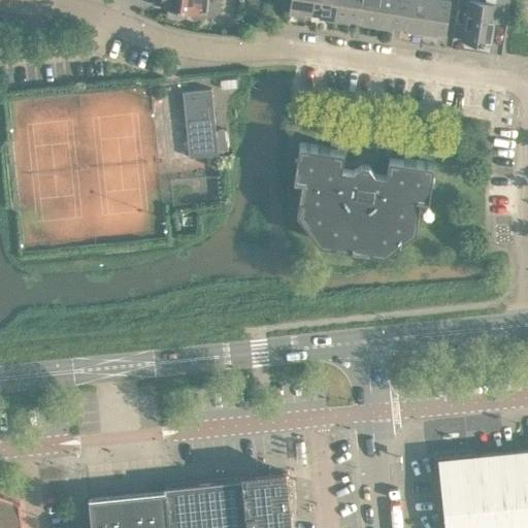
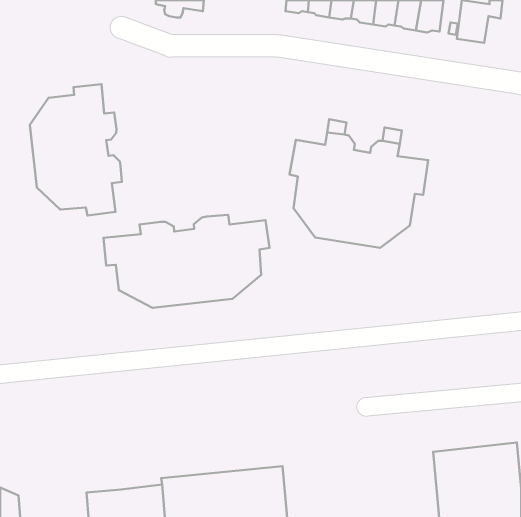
building: none -> [30,84,122,215]
building: [182,92,227,160] -> none
building: none -> [103,215,270,308]

